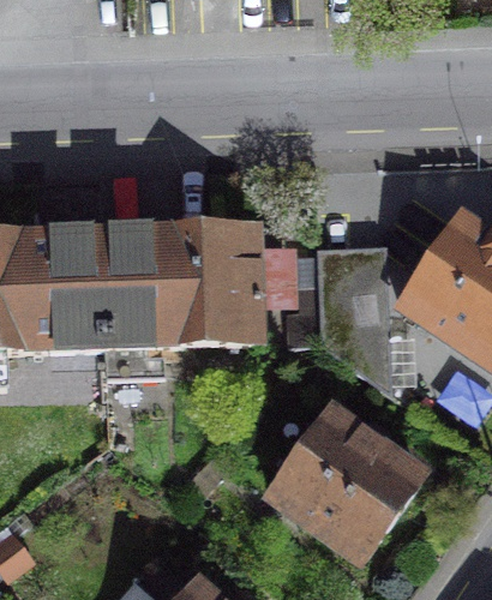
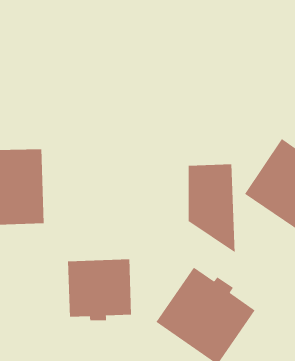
building: [102,227,290,344] -> none
building: none -> [68,258,132,321]

